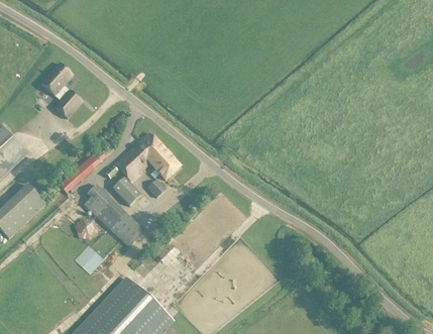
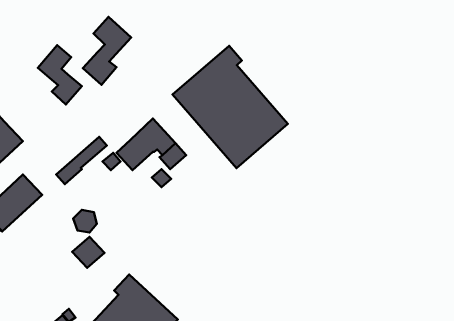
building: none -> [83,17,131,85]
building: none -> [173,46,288,168]
building: [113,177,141,205] -> none
building: [84,185,144,246] -> none

